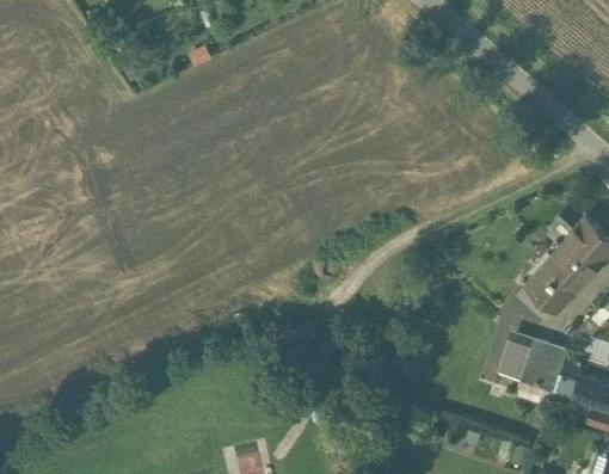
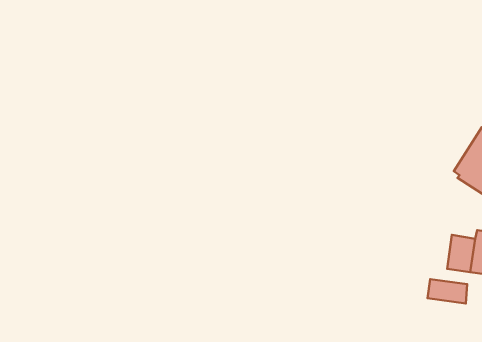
building: none -> [427,279,467,303]

